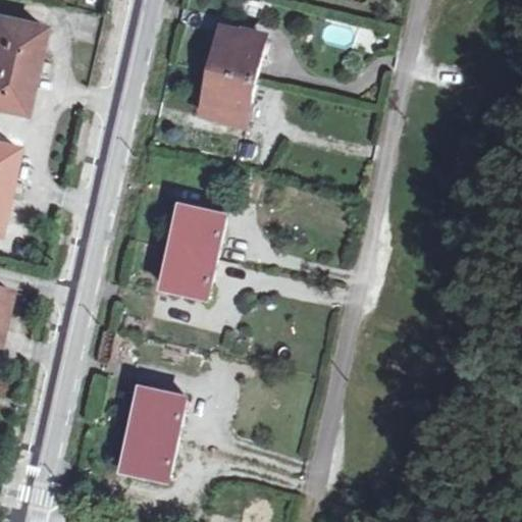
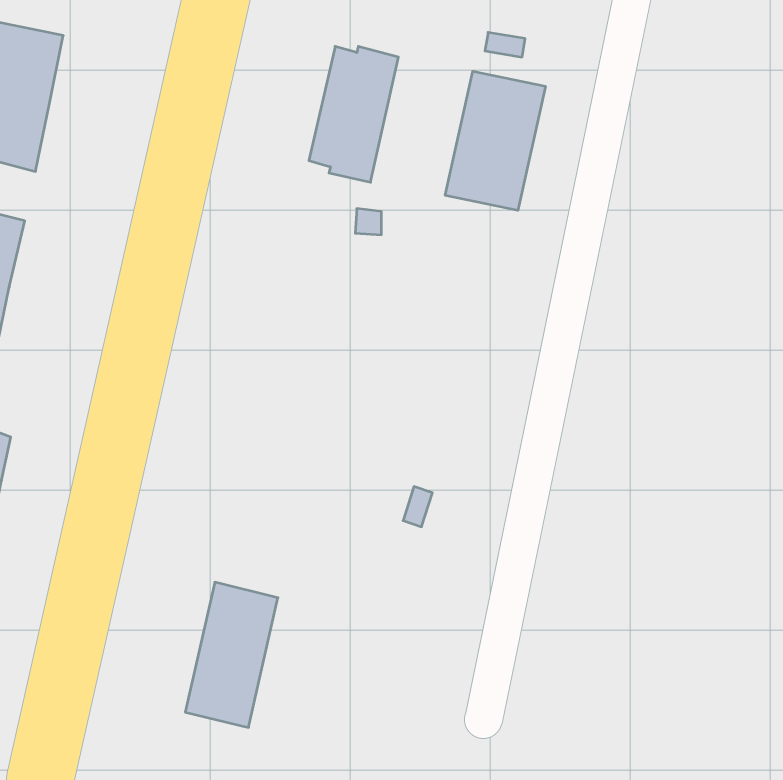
building: none -> [445,71,545,210]
building: [162,205,224,300] -> none

